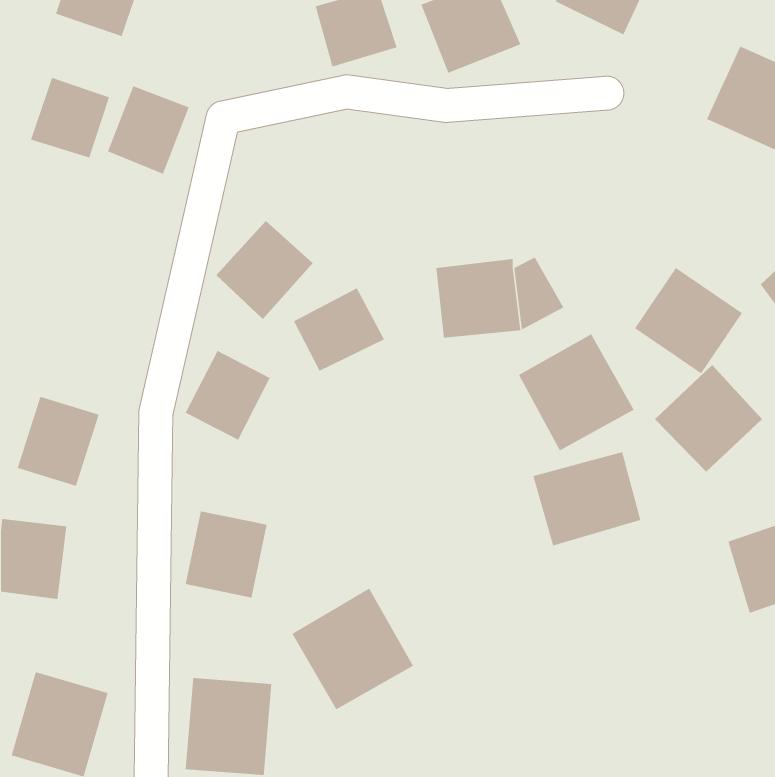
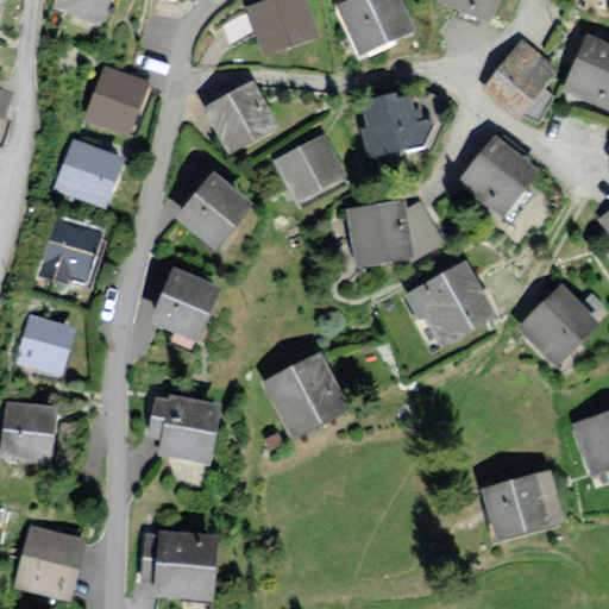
building: none -> [479,39,558,119]
building: [30,77,110,158] -> [63,140,125,203]
building: none -> [201,79,277,151]
building: none -> [363,99,422,151]
building: [634,267,743,374] -> [460,137,545,220]
building: none -> [42,215,107,283]
building: [293,287,385,372] -> [276,134,347,200]
building: [532,451,641,546] -> [478,469,563,542]
building: [292,588,414,710] -> [260,344,356,439]

